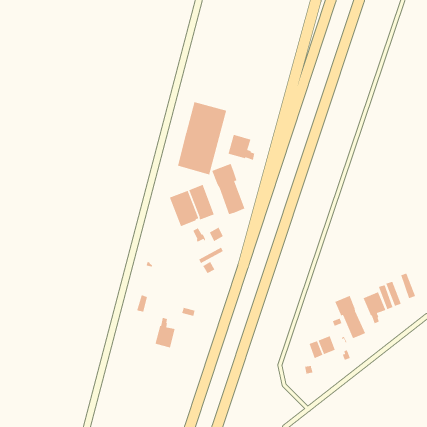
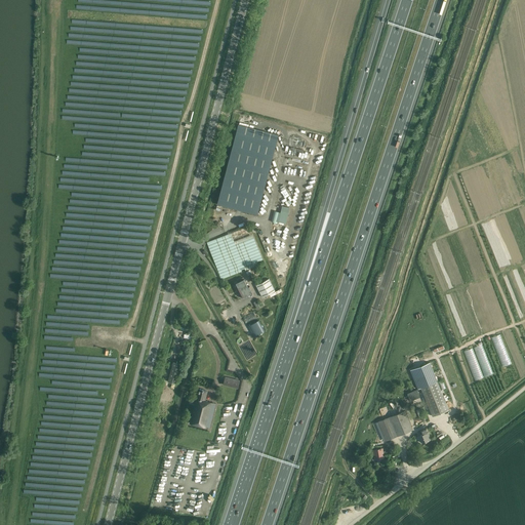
building: [228,134,255,161] -> none
building: [211,163,246,215] -> none
building: [363,291,386,324] -> none

